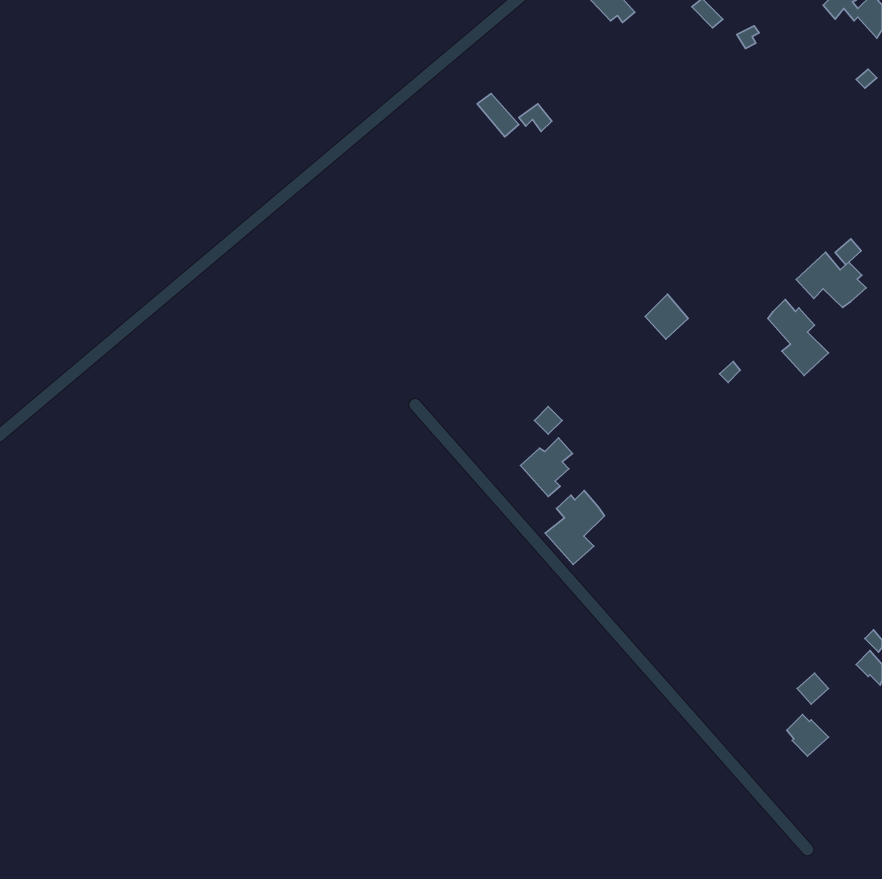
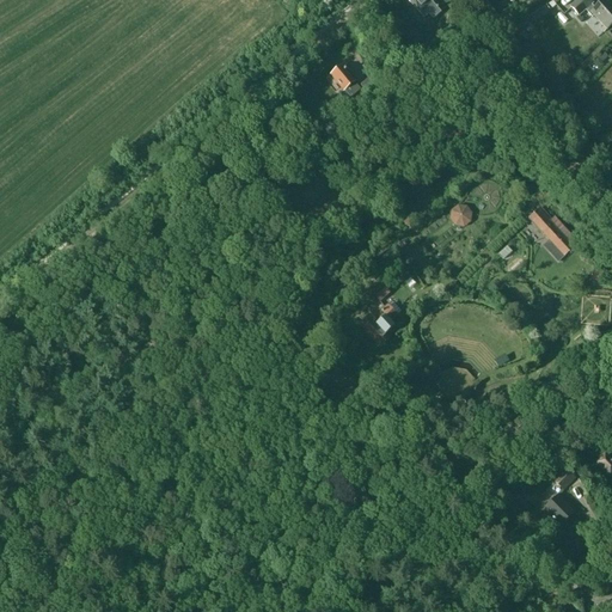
building: [796,252,866,308] -> none
building: [545,490,604,564] -> none

